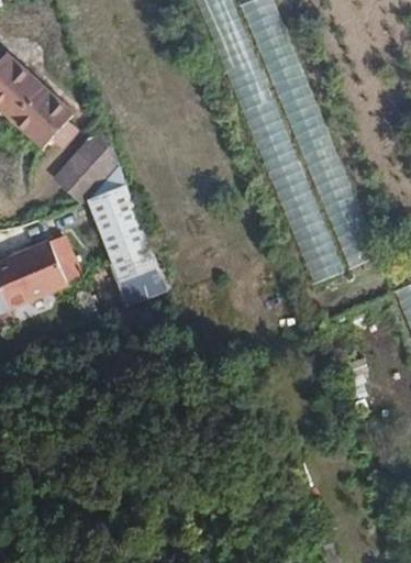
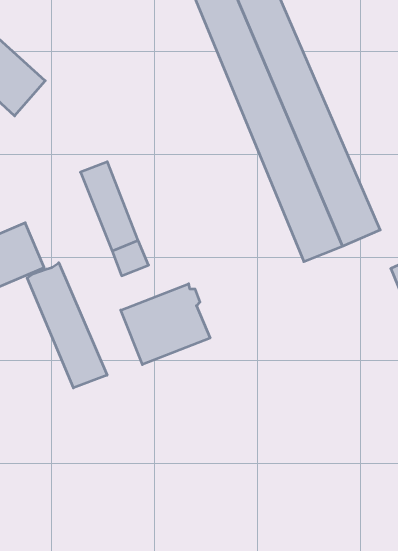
building: [53,123,114,197] -> none
building: none -> [27,263,107,388]
building: none -> [121,284,210,365]

